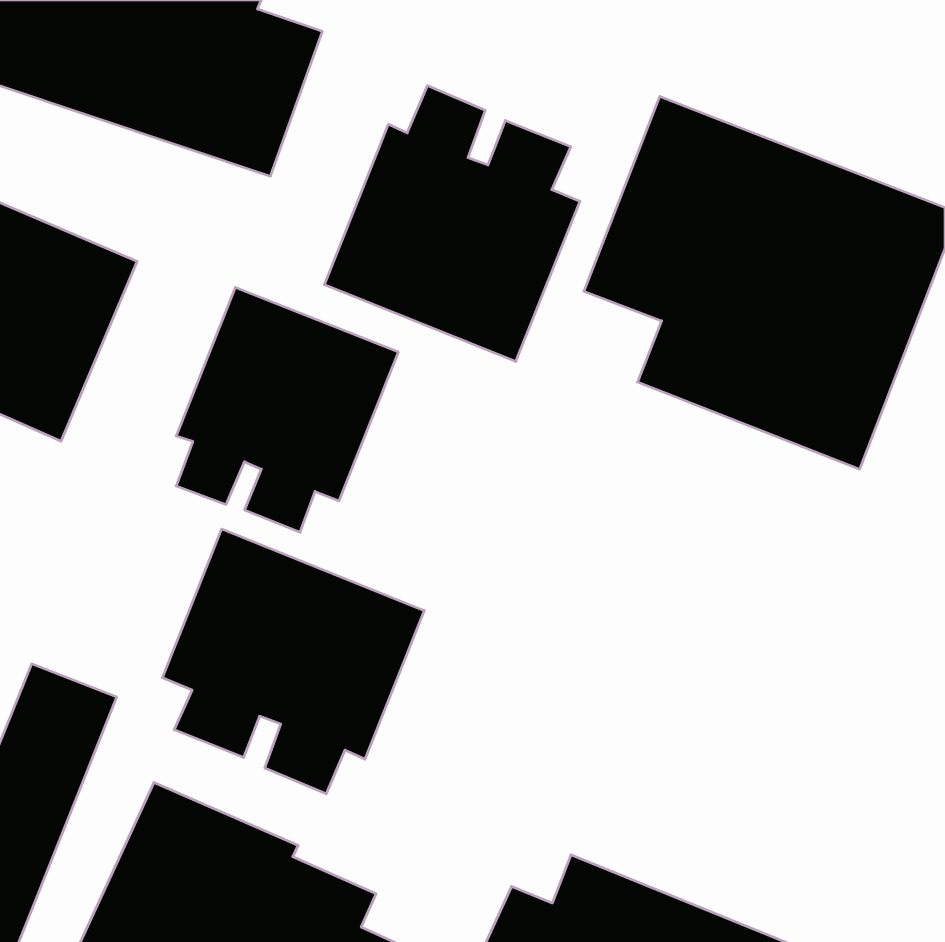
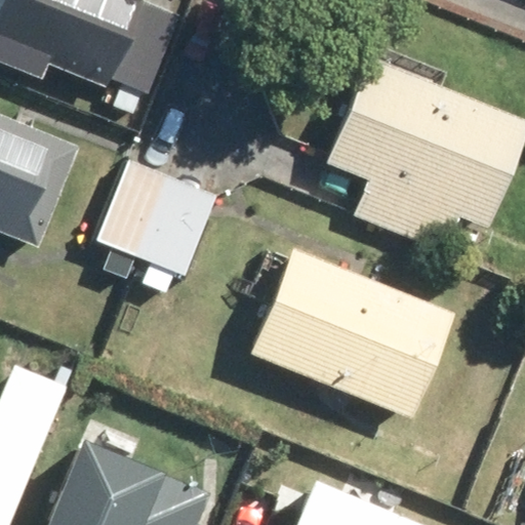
building: [324,86,580,362] -> none
building: none -> [249,245,458,417]
building: [162,529,424,794] -> none

